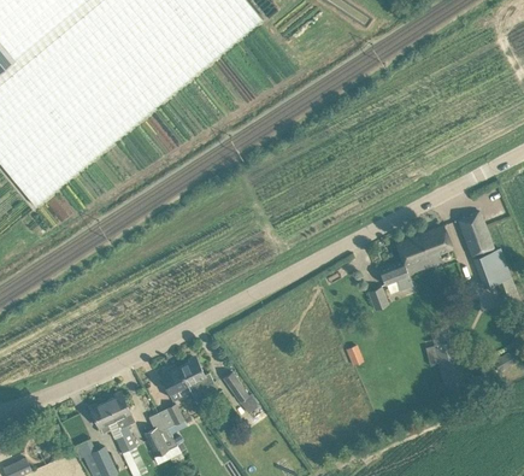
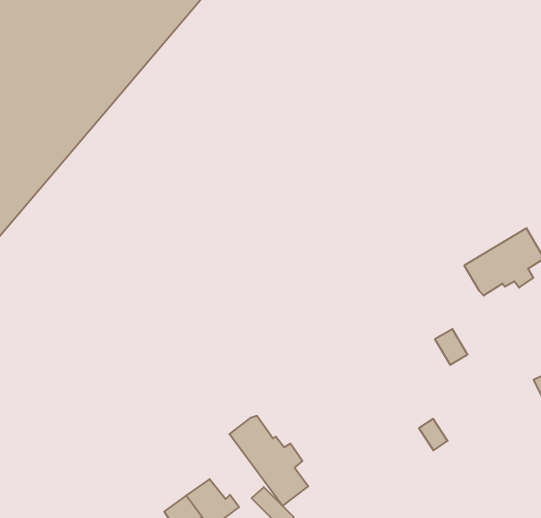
building: [379,263,413,290] -> none
building: none -> [229,416,308,506]

